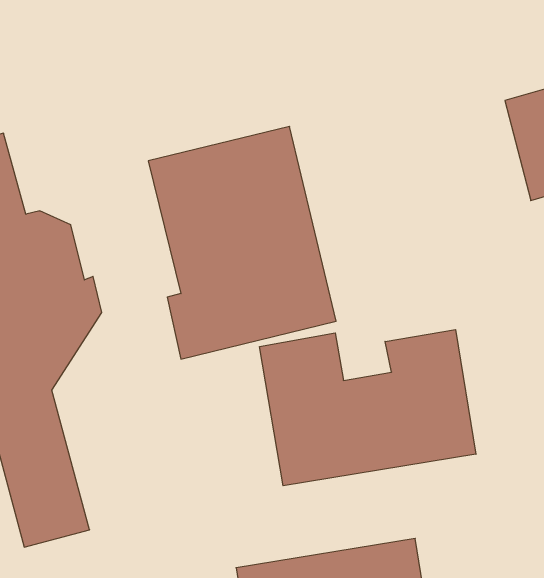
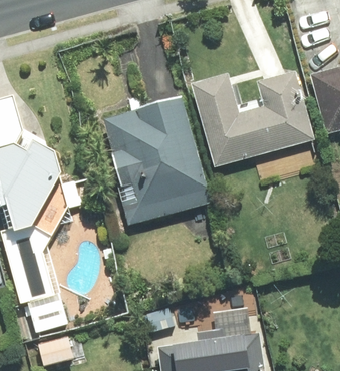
building: none -> [195,68,316,166]
building: [260,330,476,486] -> none

